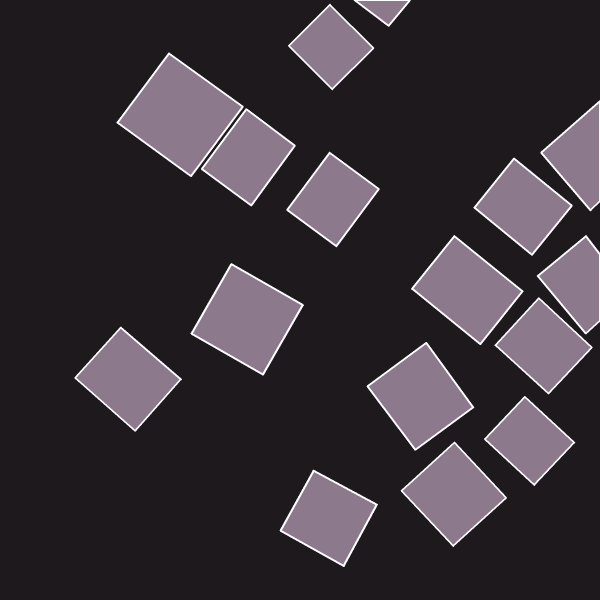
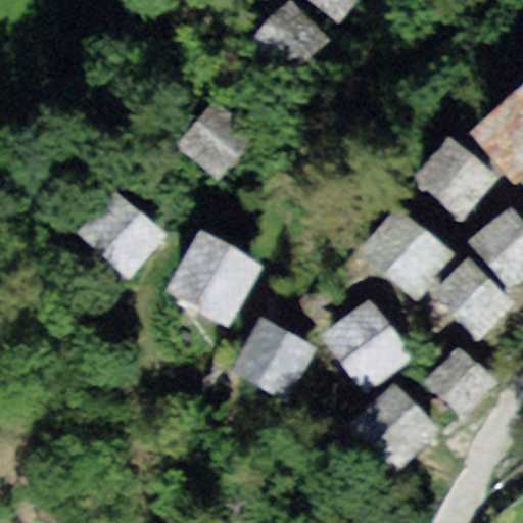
building: [117,53,243,176] -> none
building: [287,153,379,246] -> none
building: [75,328,181,431] -> [75,187,167,277]
building: [281,471,377,566] -> [233,319,317,401]

